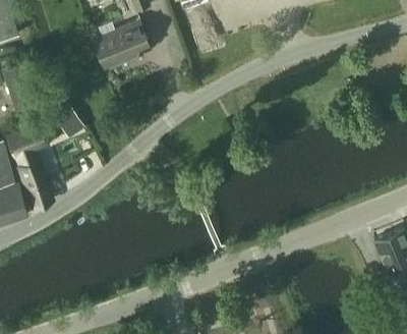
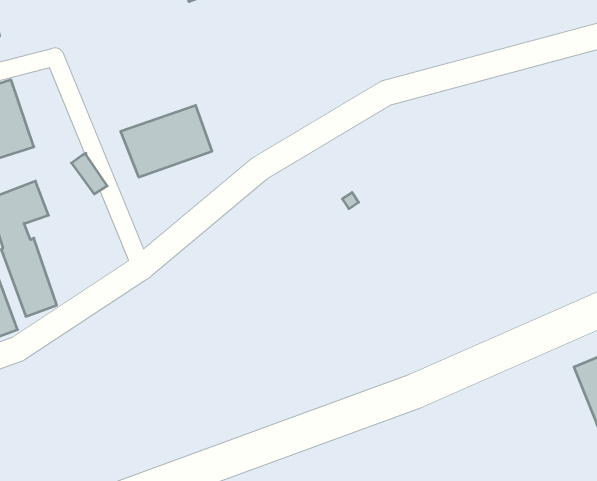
building: [94,21,151,66] -> [121,105,212,177]

